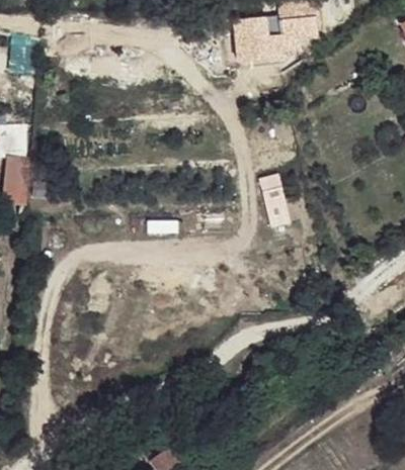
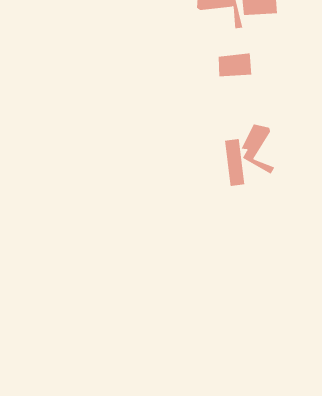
building: [237,36,273,62] -> [218,53,252,77]
building: none -> [241,123,275,175]

